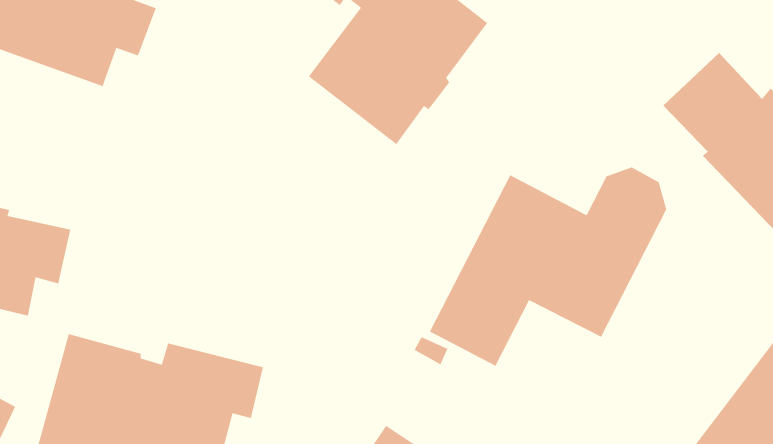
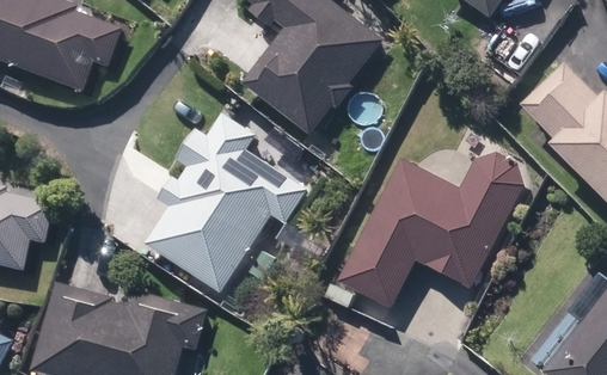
building: none -> [143,112,306,294]

